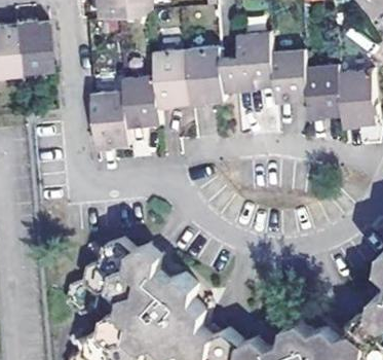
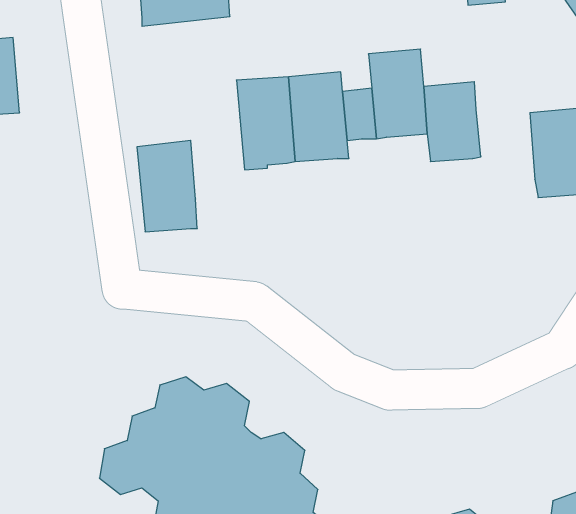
building: [13,21,52,72] -> none
building: [305,67,342,117] -> none
building: [124,75,161,127] -> none

